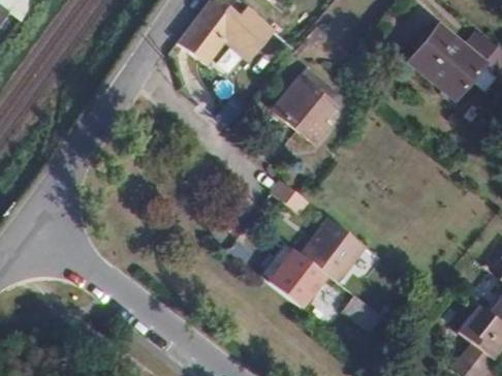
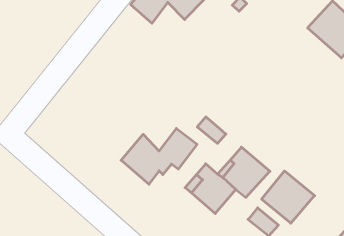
building: [274,67,353,146] -> none
building: none -> [121,128,197,184]
building: none -> [262,171,315,223]

